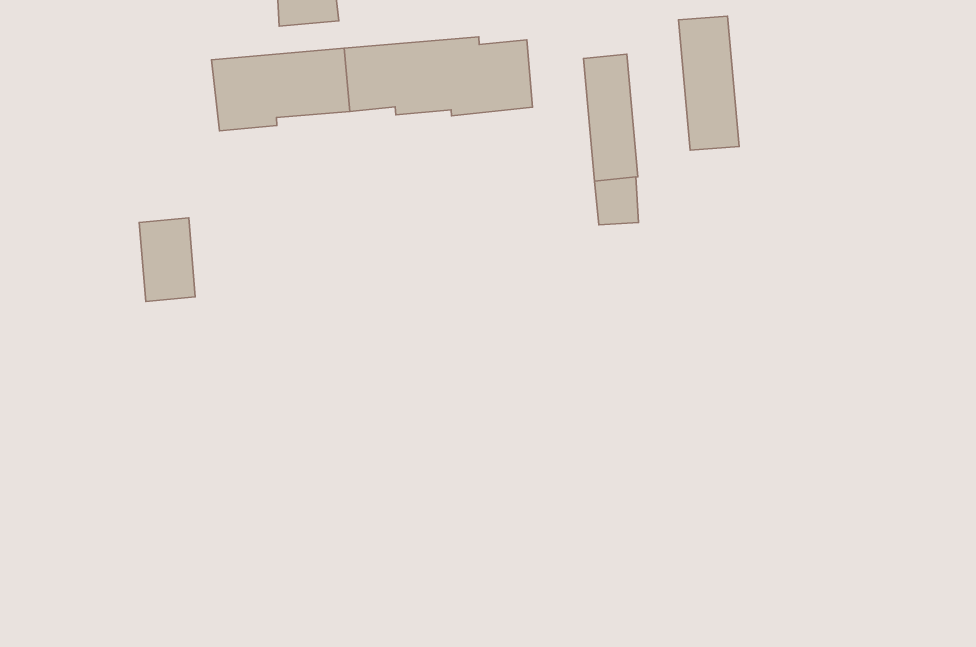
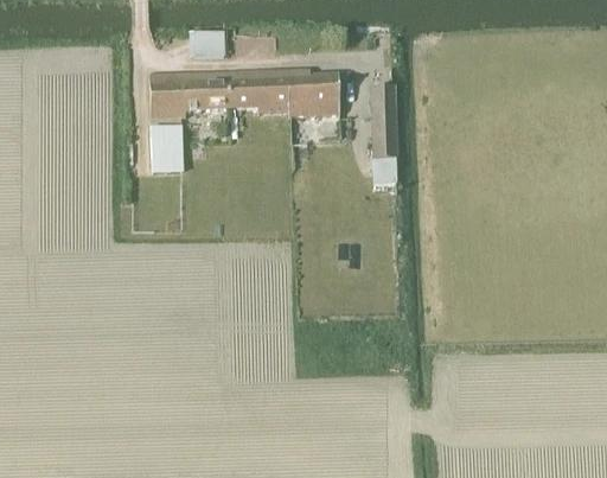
building: [679,16,739,150] -> none
building: [139,218,195,302] -> [152,123,183,172]

